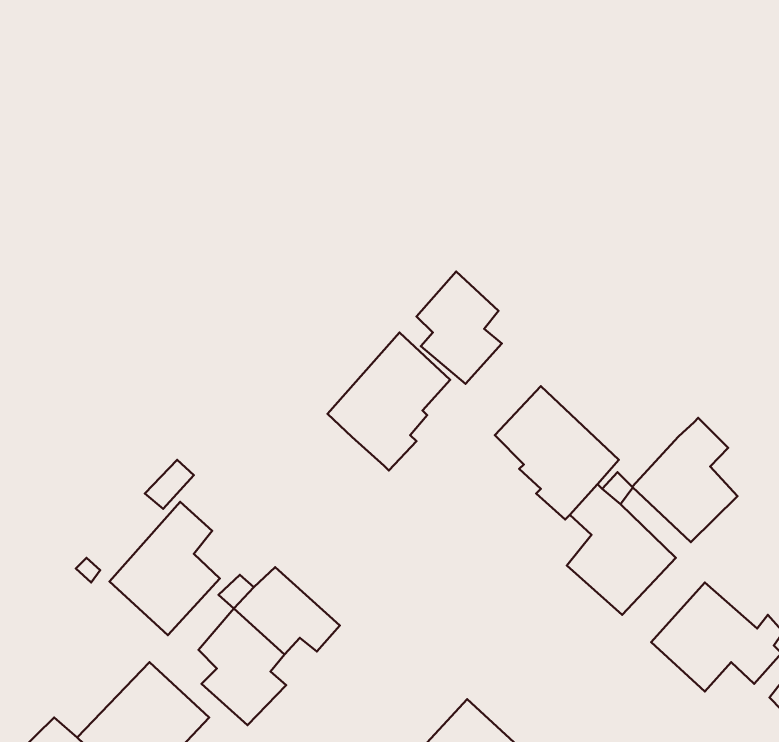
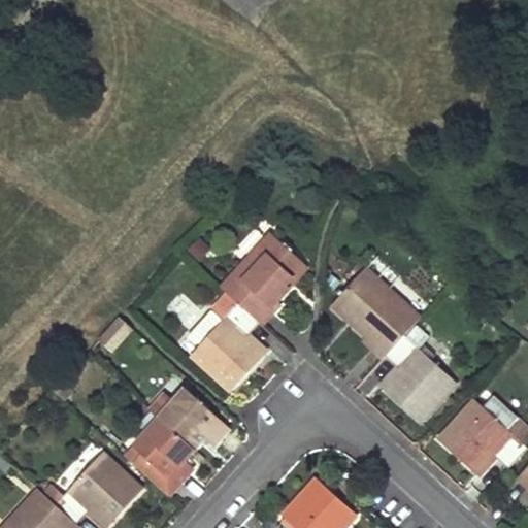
building: [416,272,502,384] -> none
building: [632,418,738,542] -> none
building: [109,502,220,635] -> [190,302,264,392]

